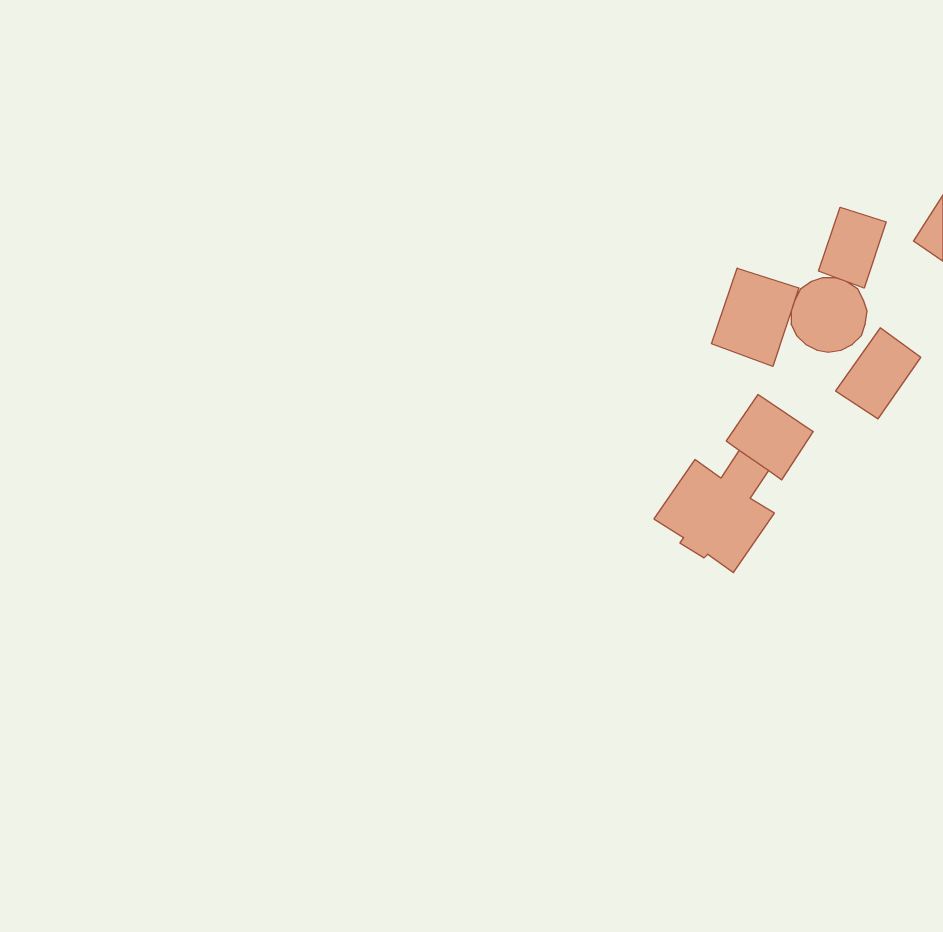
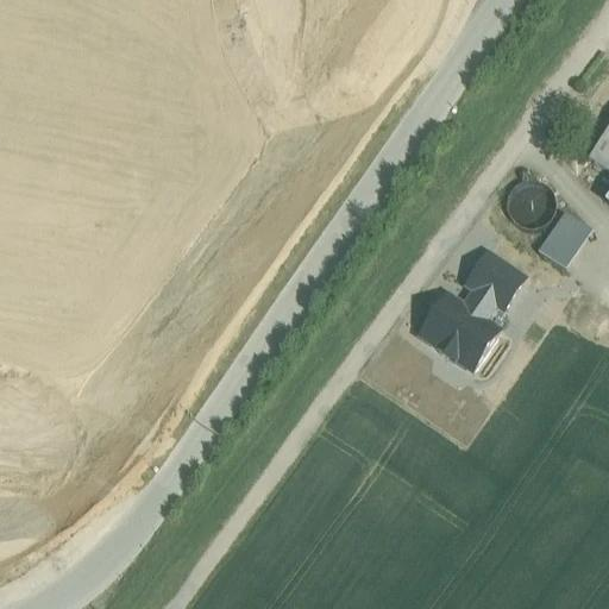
building: [818,207,886,288] -> none
building: [711,268,799,366] -> none

